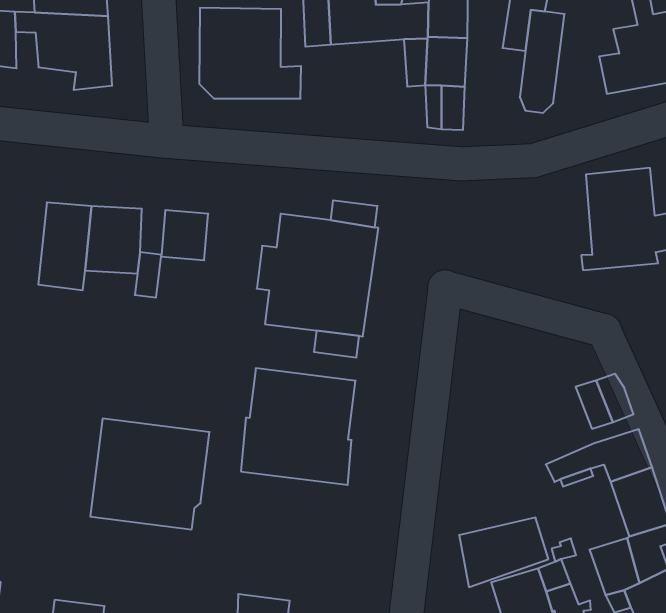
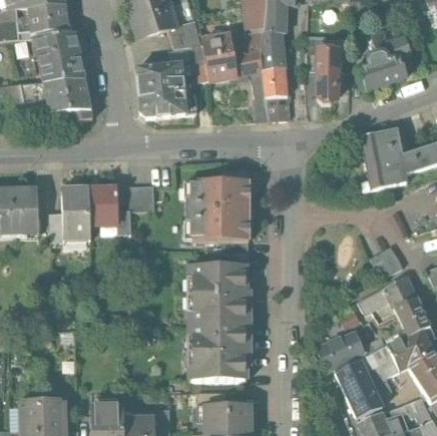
building: [90,419,210,529] -> [189,323,250,378]

